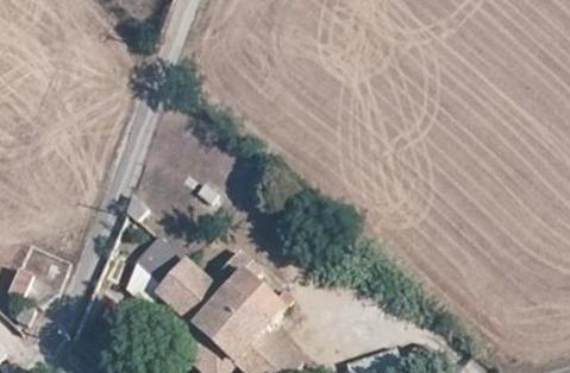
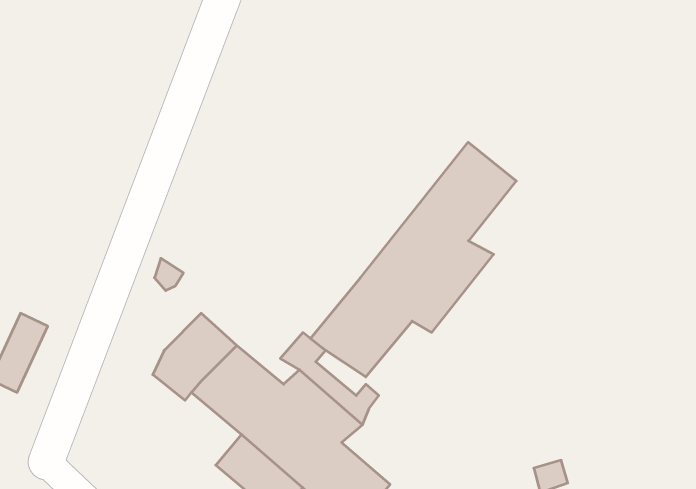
building: none -> [311,142,516,377]

